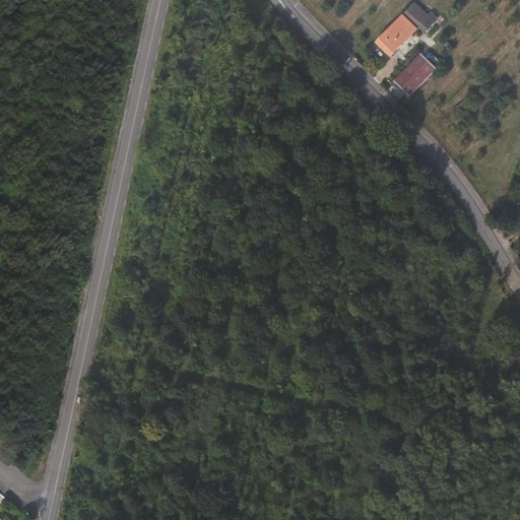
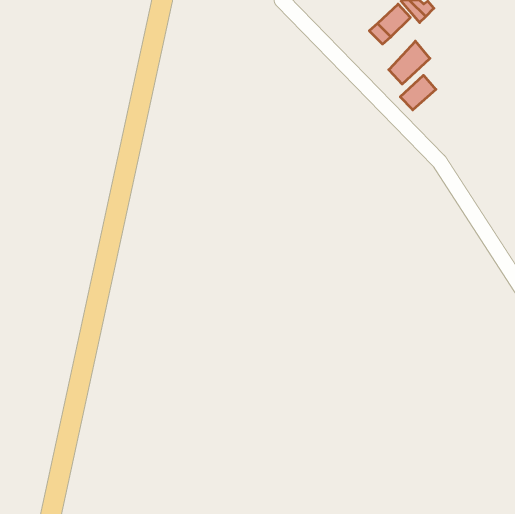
building: none -> [400,75,436,110]

